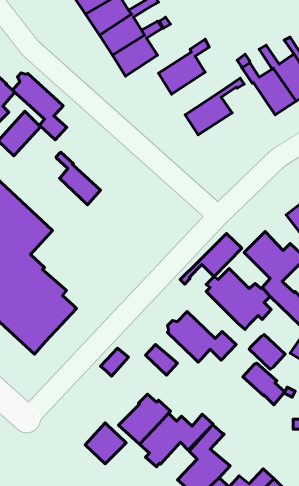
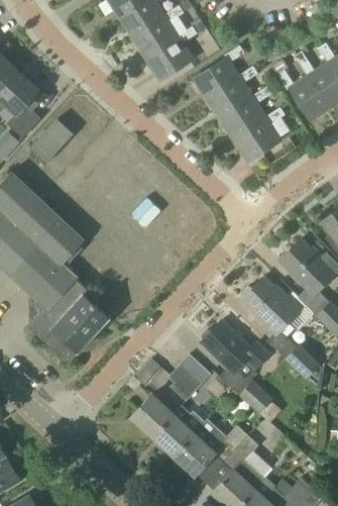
building: none -> [206,67,258,122]
building: [13,73,67,140] -> none
building: none -> [233,108,286,164]
building: [56,152,100,205] -> none
building: [180,234,242,284] -> none
building: none -> [168,366,201,401]
building: [243,363,285,405] -> [239,381,281,423]
building: [85,423,126,464] -> [132,395,174,436]

